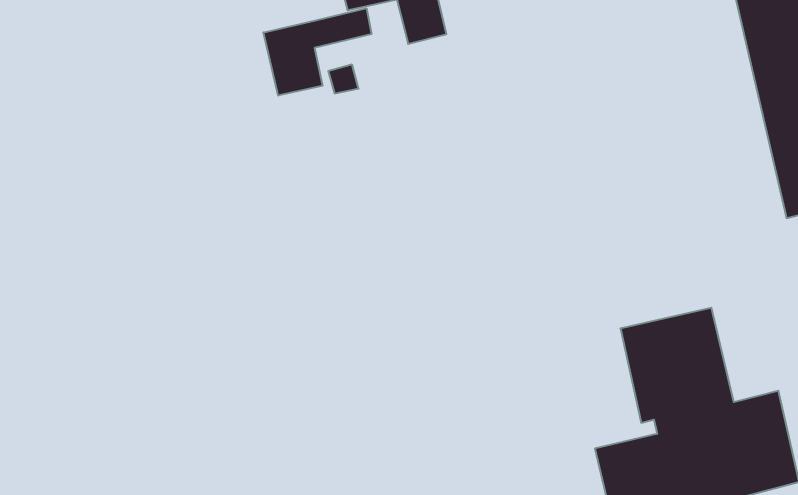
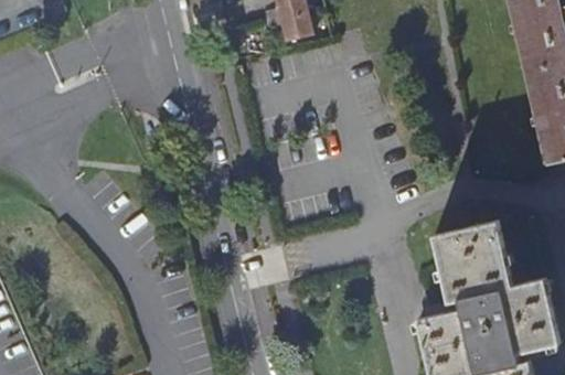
building: [263,8,371,96] -> none

